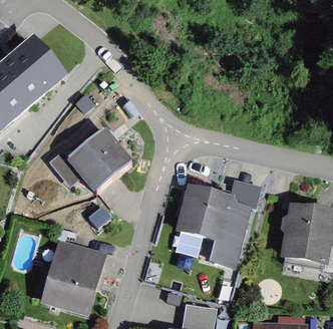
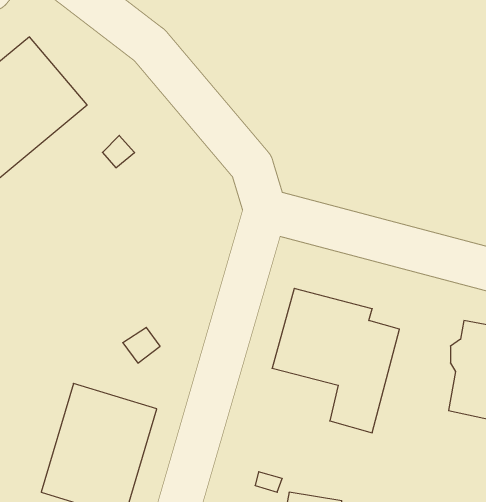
building: [66,127,131,192] -> none

